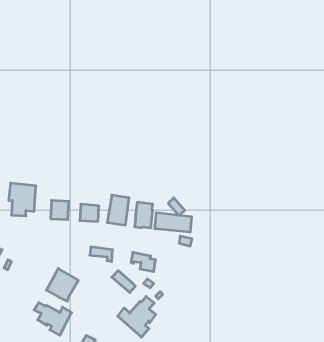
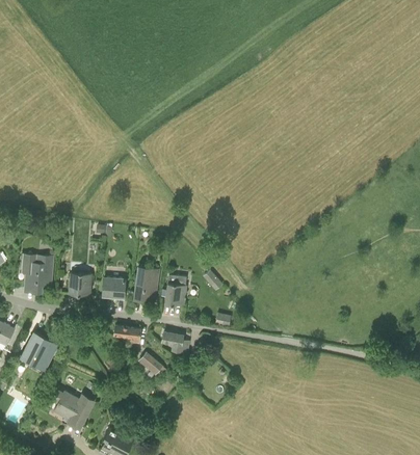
building: [155,213,192,232] -> none
building: [46,268,78,301] -> [21,332,57,370]
building: [118,296,156,337] -> none

